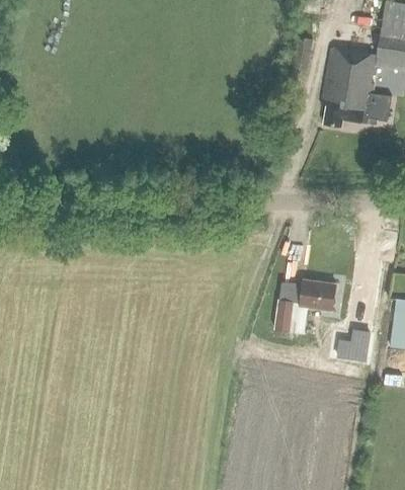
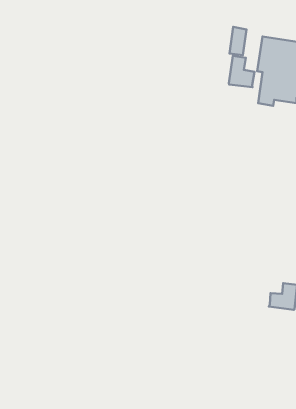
building: none -> [229,56,254,87]
building: [274,278,335,330] -> none

